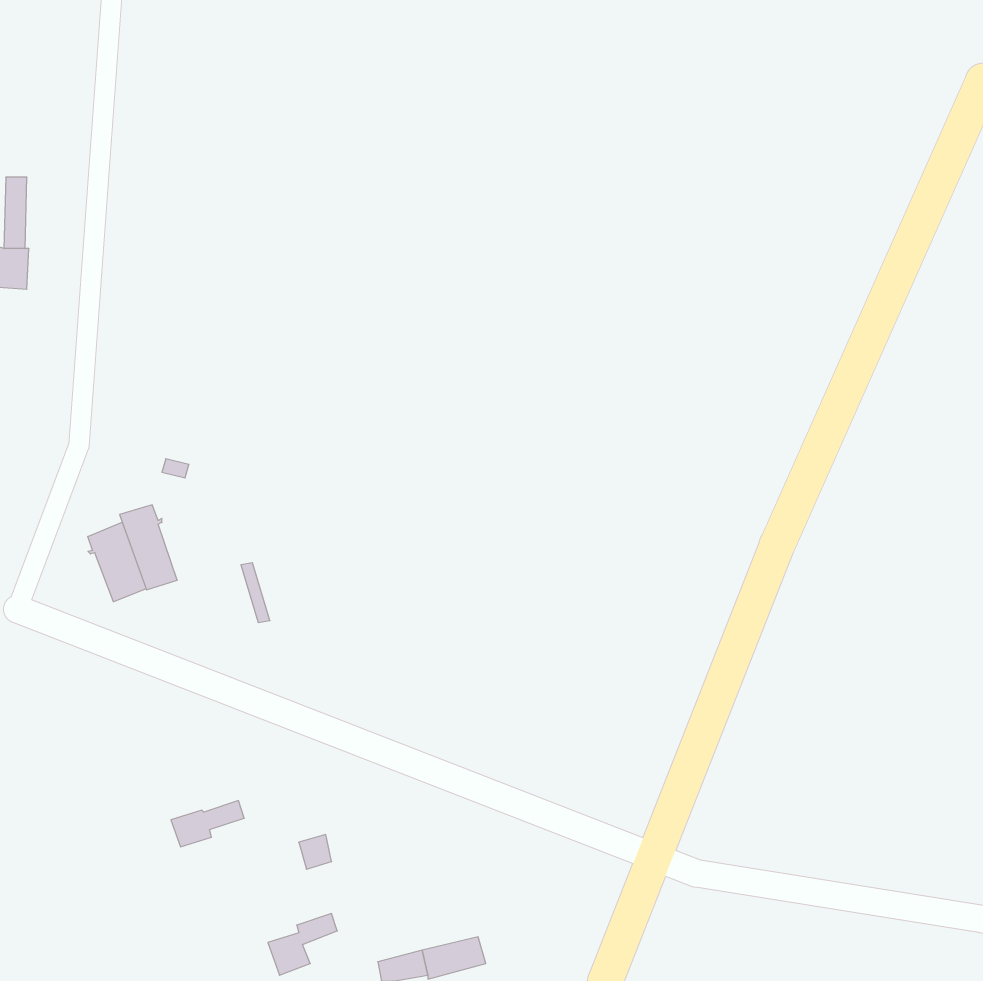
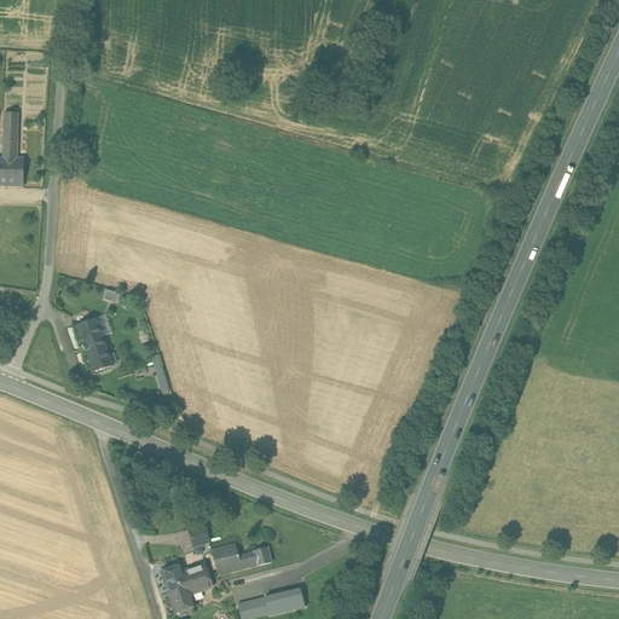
building: [88,522,146,602] -> none
building: [171,801,244,847] -> [162,562,208,591]
building: none -> [210,542,271,573]

